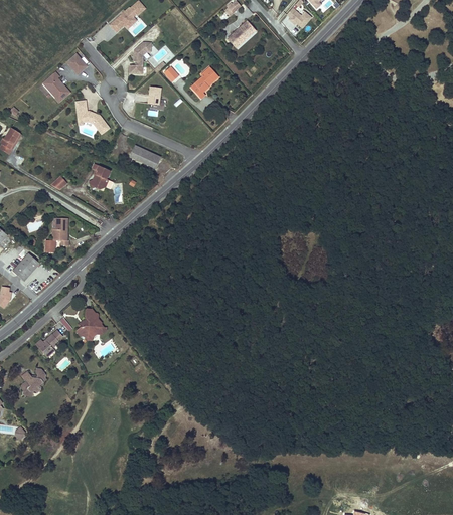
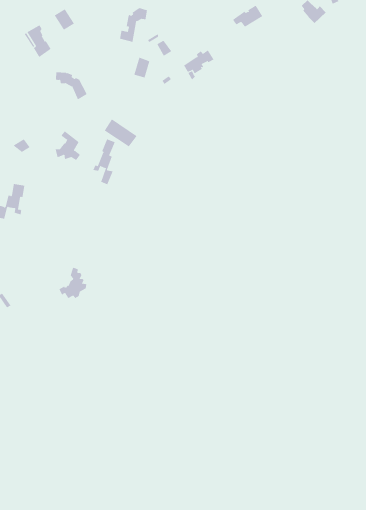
building: none -> [93,138,115,185]
building: [76,308,101,337] -> [58,267,87,299]

